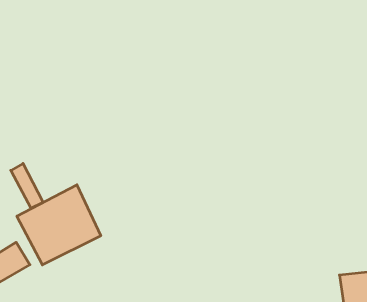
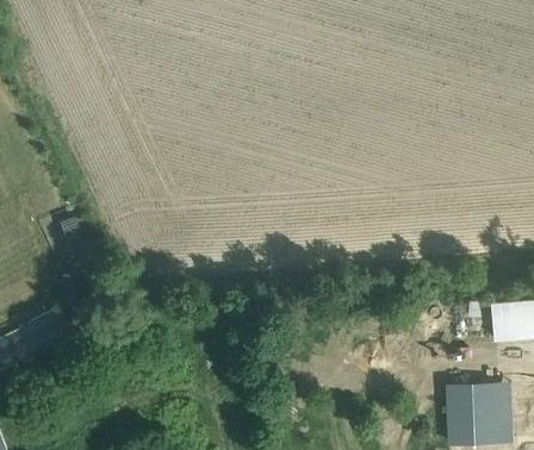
building: [17,185,101,265] -> none

